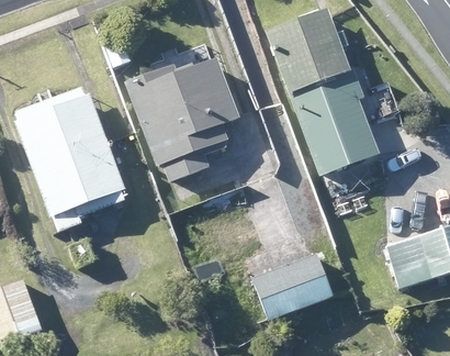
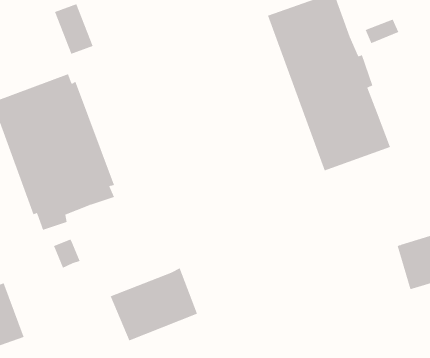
building: [124,57,238,213] -> none
building: [251,252,333,320] -> [110,268,198,341]

